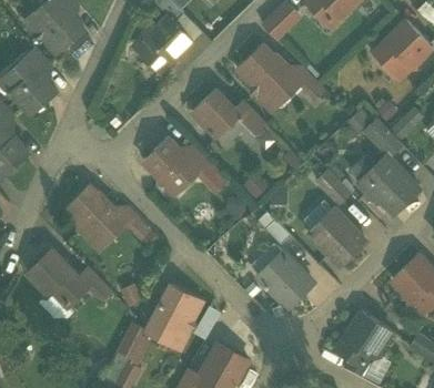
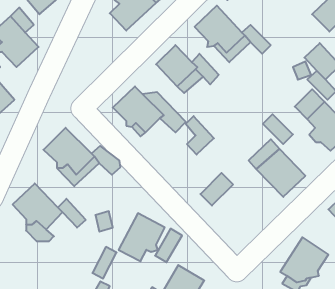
building: [256,251,313,307] -> none

